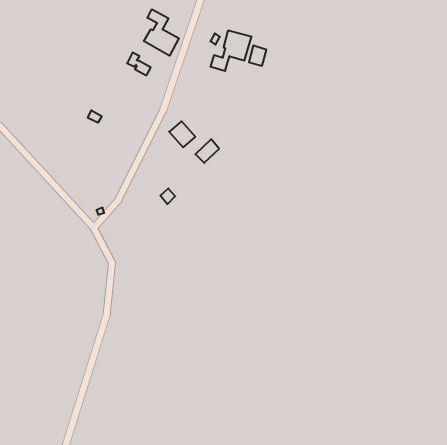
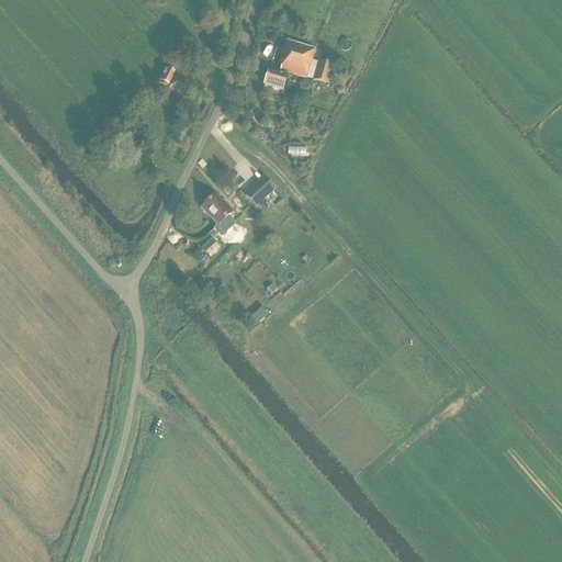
building: [144,9,179,56] -> none
building: [169,121,195,147] -> [201,192,234,225]

